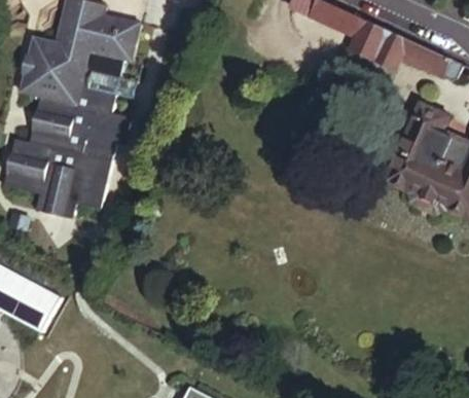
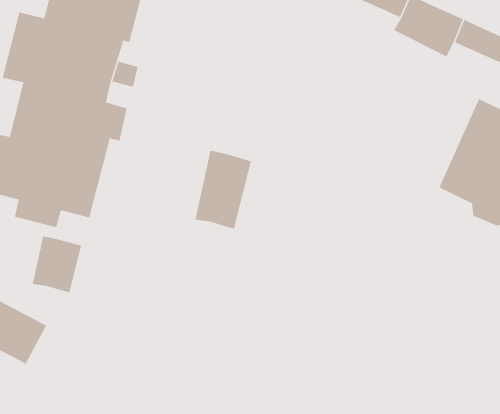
building: none -> [195,150,252,229]
building: none -> [32,235,82,293]

